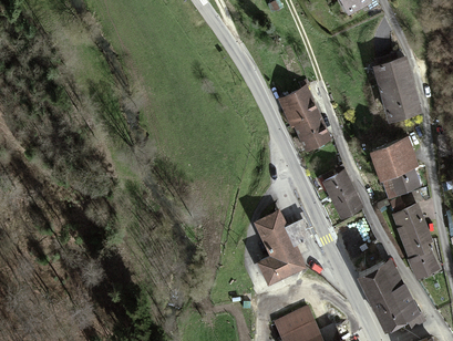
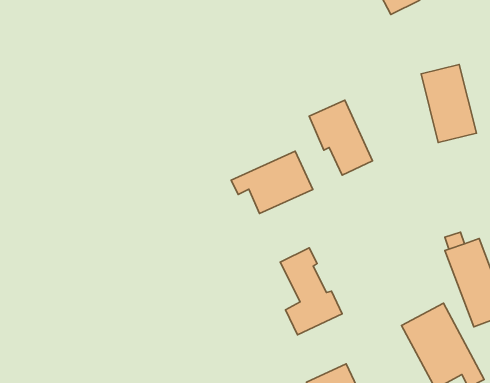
building: none -> [231,151,313,213]
building: [366,135,421,197] -> none
building: [323,169,363,217] -> none

